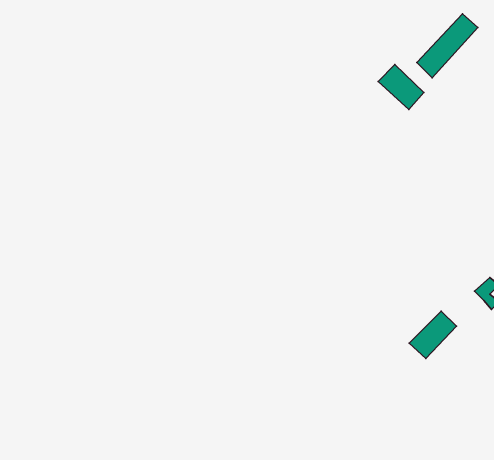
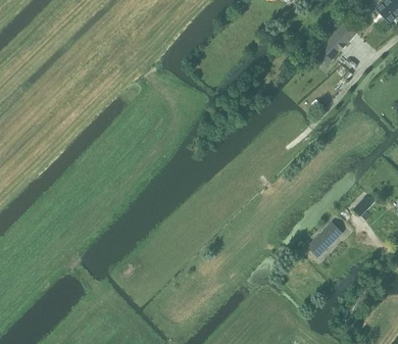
building: [378,64,424,109] -> none

